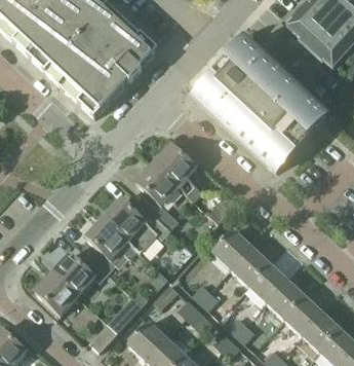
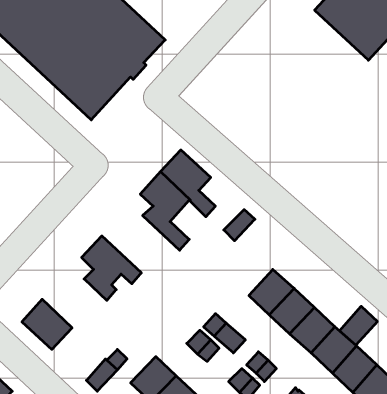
building: [194,41,326,172] -> none
building: [104,197,170,253] -> none
building: [211,229,250,268] -> none
building: [52,253,108,296] -> none
building: none -> [340,306,377,345]

